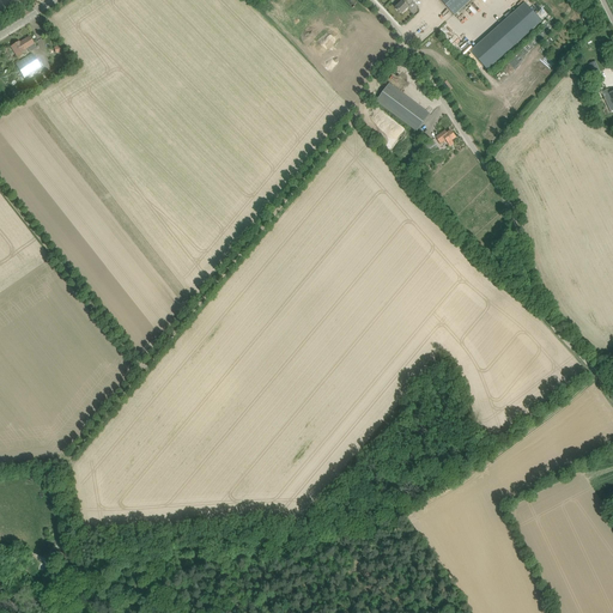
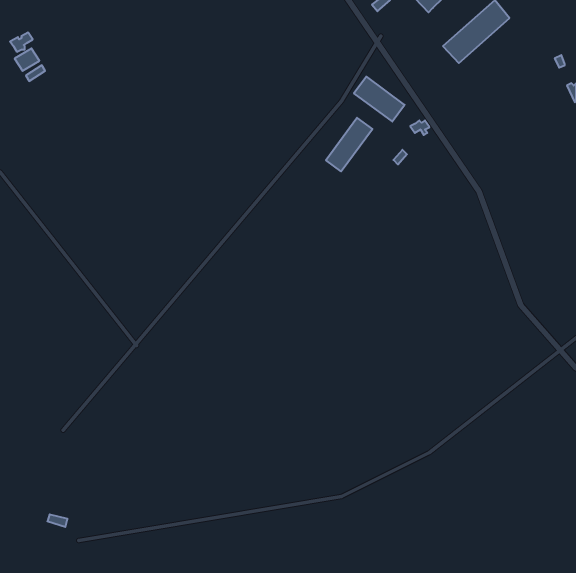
building: none -> [326,118,372,171]

